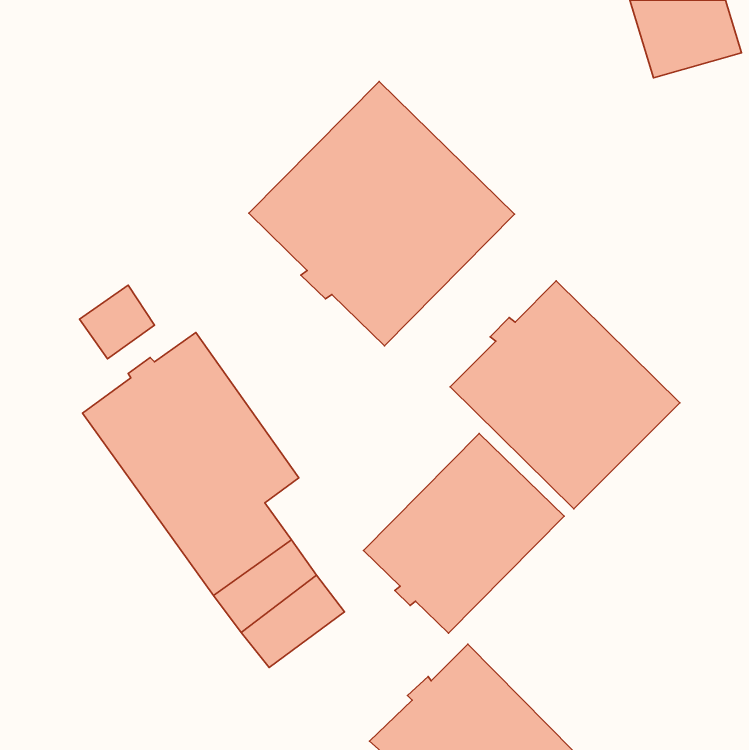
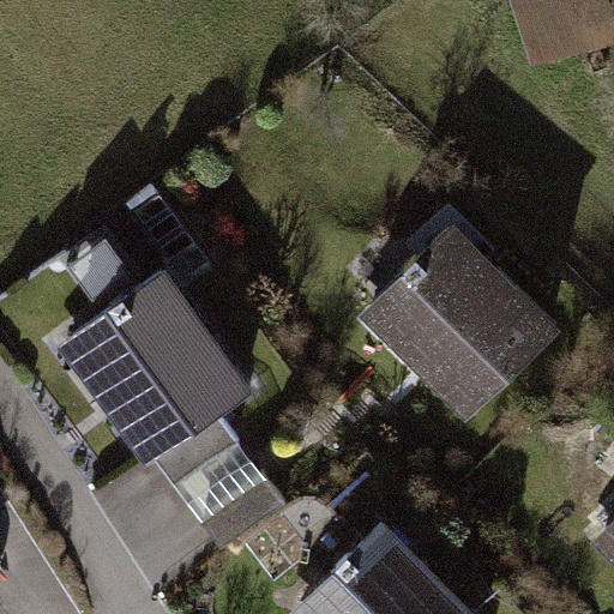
building: [249,82,515,346] -> none
building: [364,433,564,633] -> none

